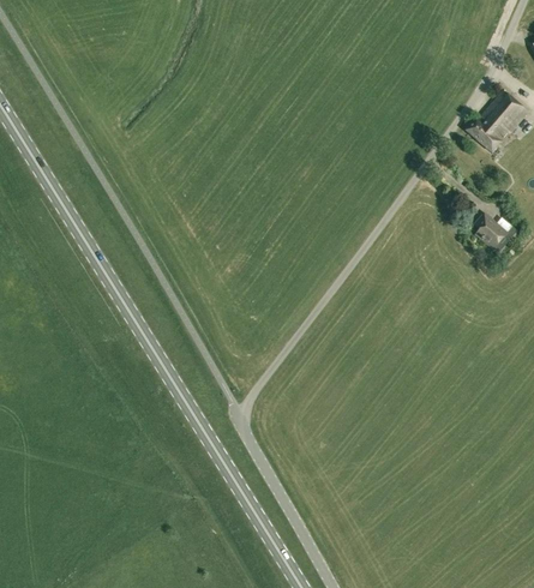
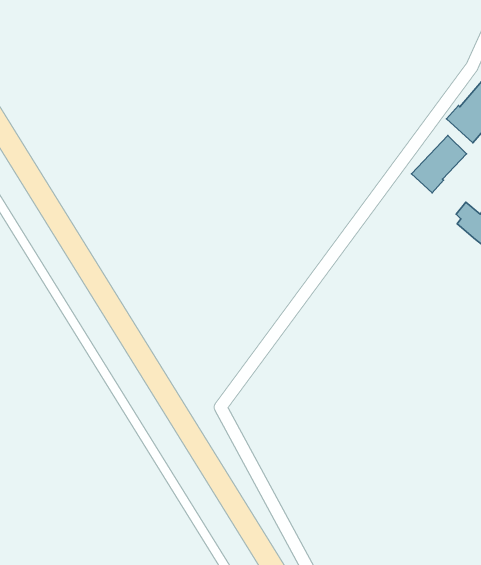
building: none -> [411,136,467,193]

